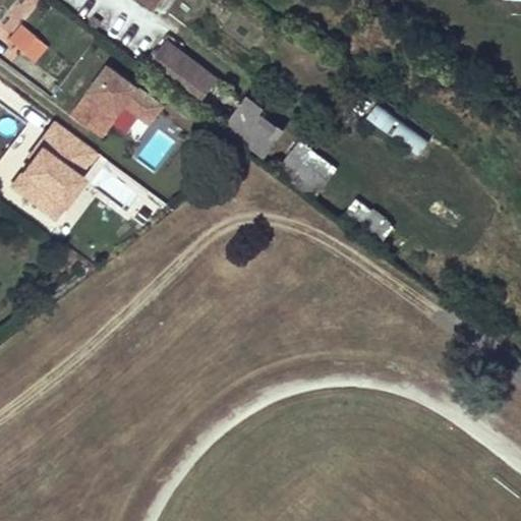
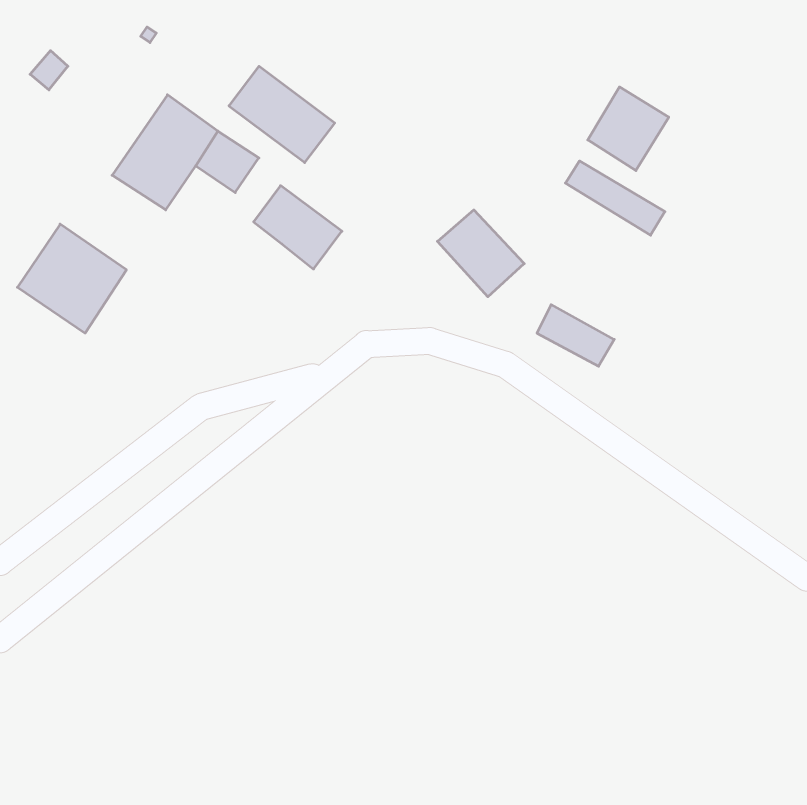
building: none -> [588,87,669,171]
building: [226,104,283,158] -> [254,186,342,269]
building: [39,122,98,175] -> none

